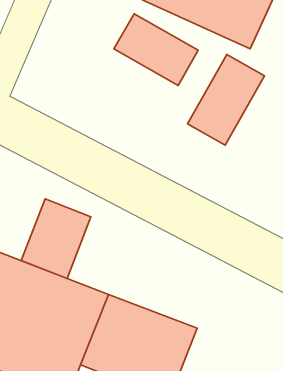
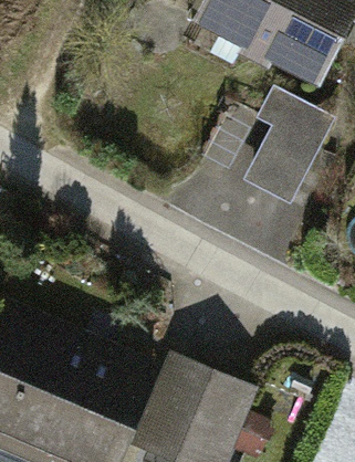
building: [114,14,198,85] -> none
building: [21,199,91,279] -> none

